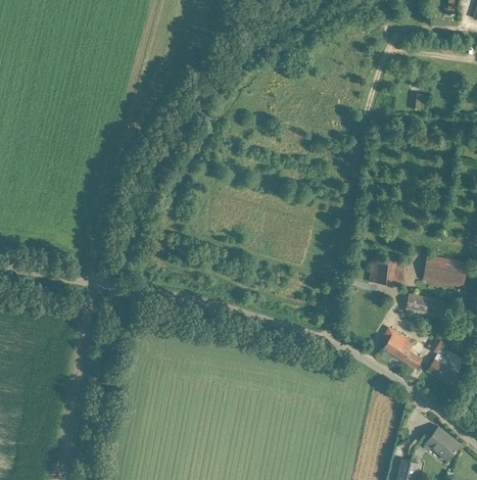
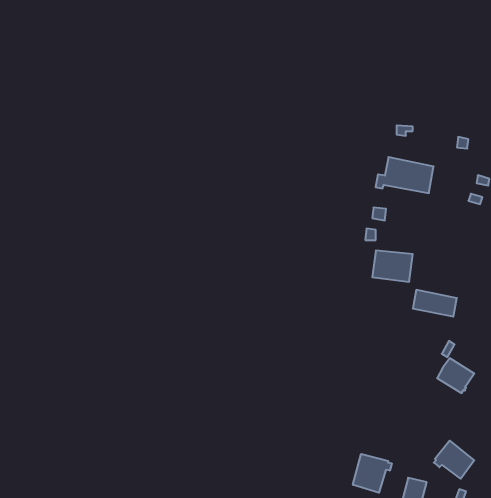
building: [416,255,467,287] -> [376,157,434,193]
building: [382,331,422,370] -> none
building: none -> [353,454,392,493]

